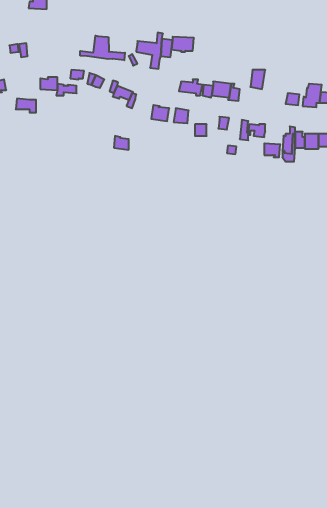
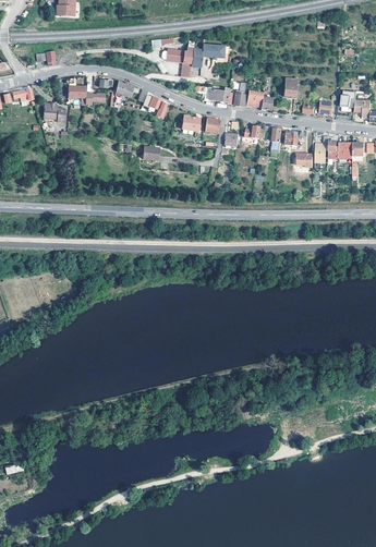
building: [80,36,125,60] -> none

